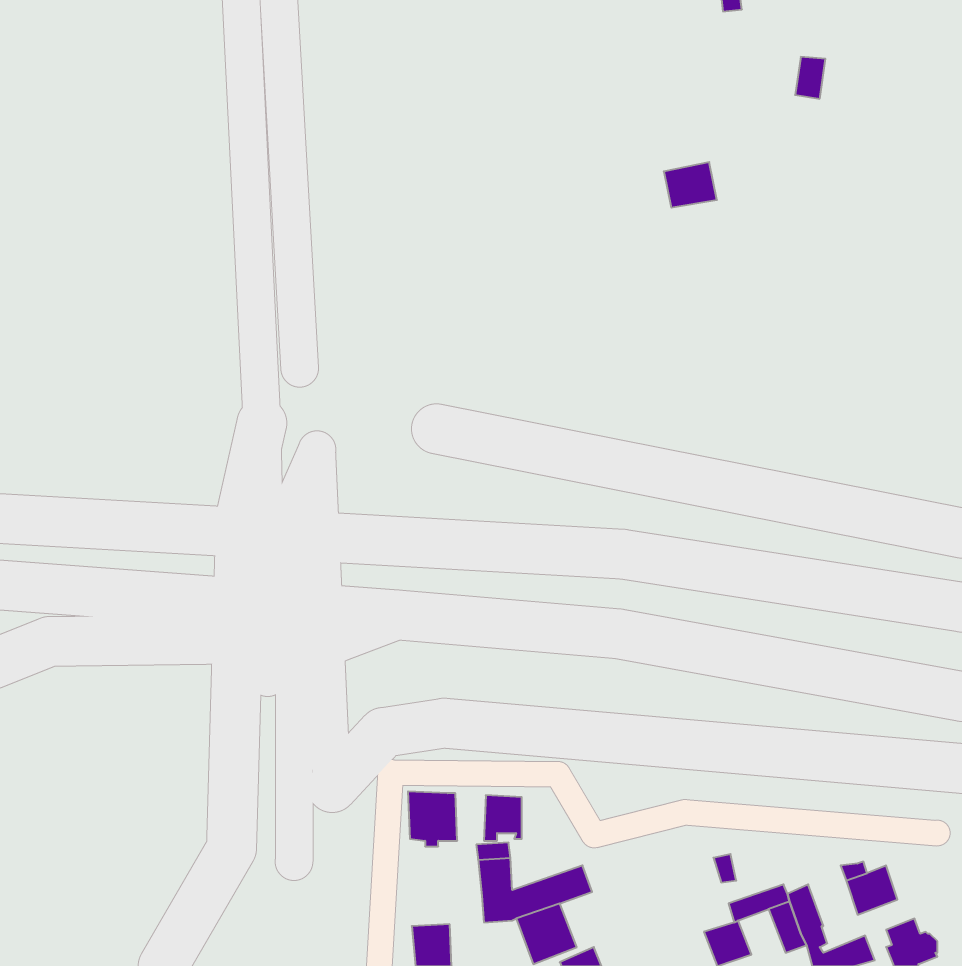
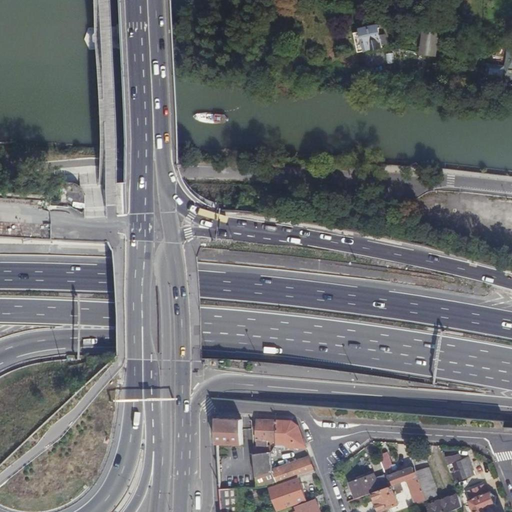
building: [664,162,717,208] -> [352,26,380,50]
building: none -> [275,420,304,446]
building: none -> [349,474,387,497]

